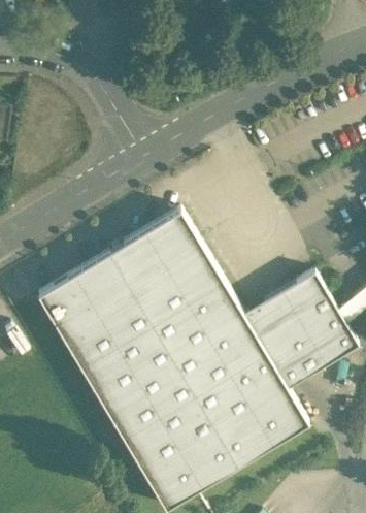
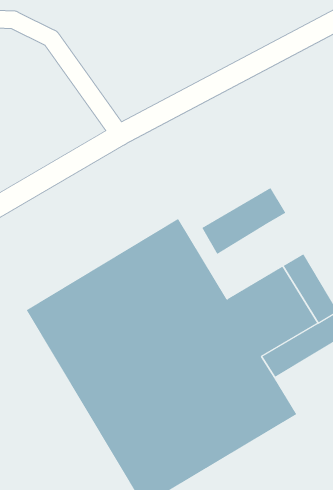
building: [38,211,199,327] -> none
building: none -> [202,187,286,255]

